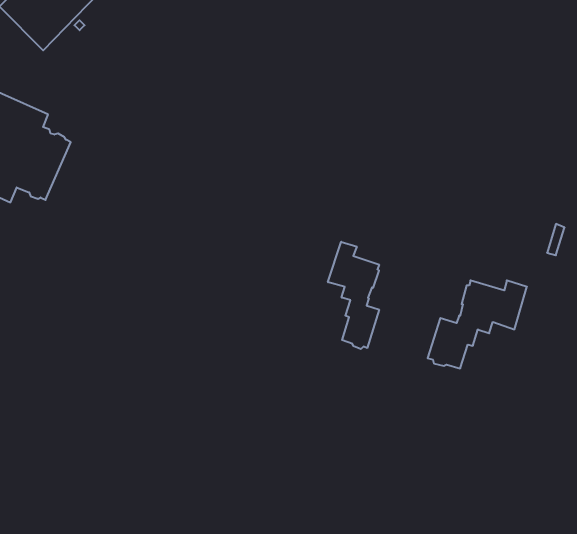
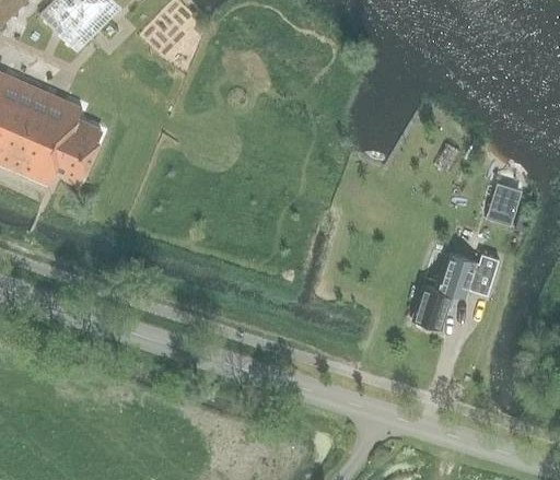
building: none -> [486,195,518,226]
building: [328,242,379,349] -> none

